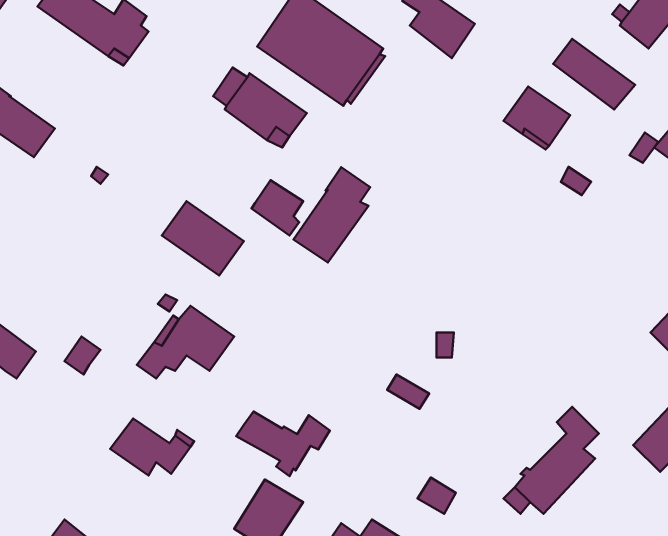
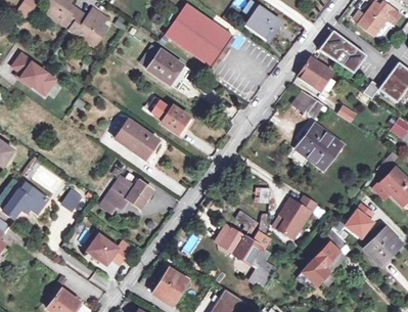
building: none -> [292,91,324,118]
building: [293,167,370,262] -> none
building: none -> [298,125,342,168]
building: none -> [279,194,317,238]
building: none -> [347,204,374,237]
building: [236,411,330,476] -> [221,229,271,264]

